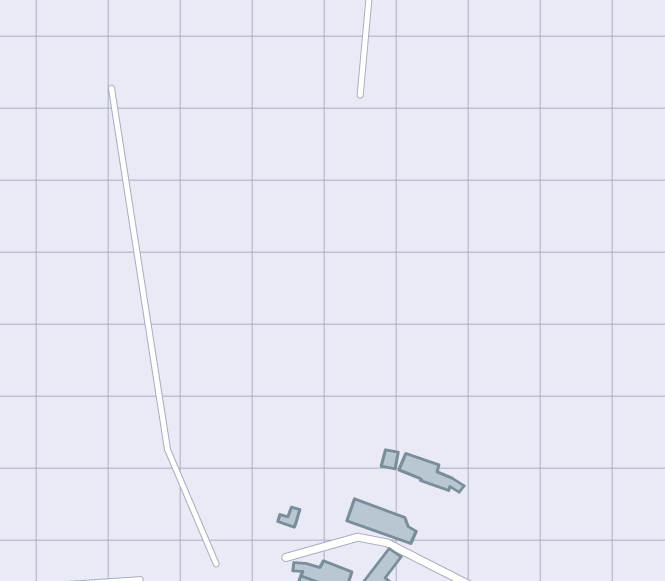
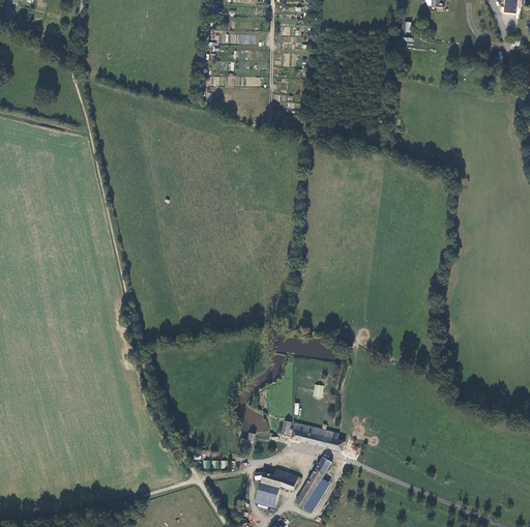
building: [399,453,464,492] -> none

